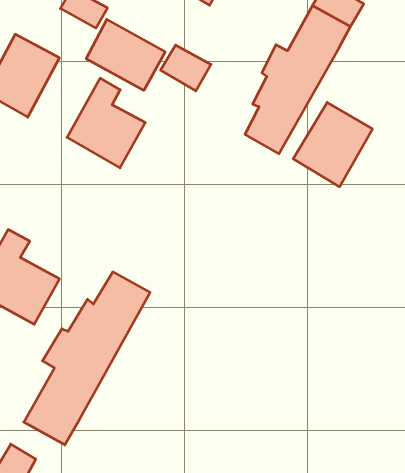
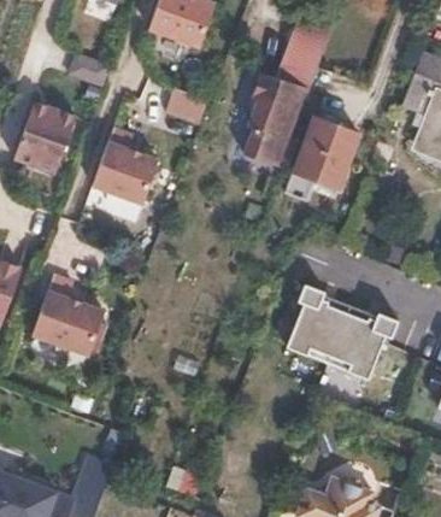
building: [86,19,165,90] -> none
building: [24,272,150,445] -> none
building: none -> [284,282,398,378]

